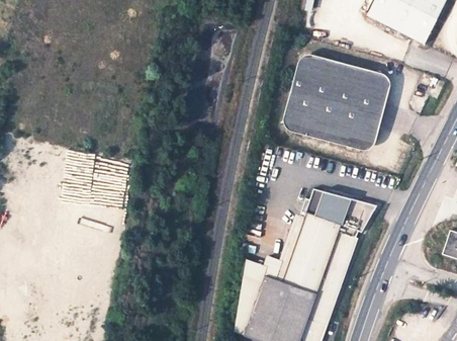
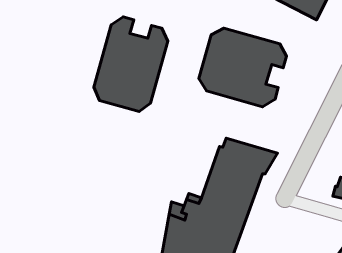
building: none -> [94,17,168,112]
building: [363,98,384,126] -> none

